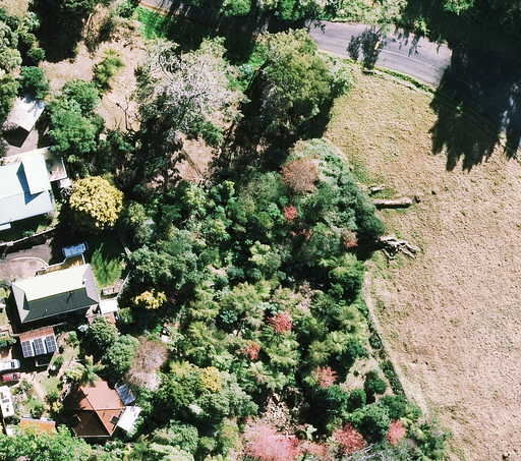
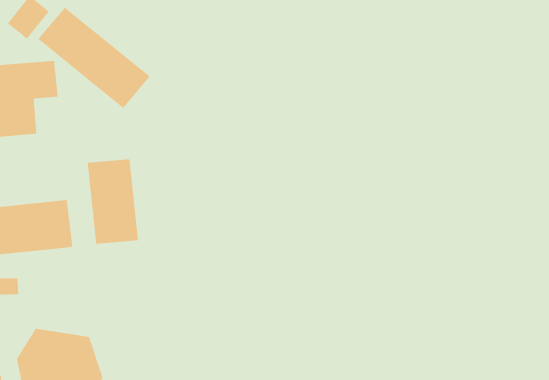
building: none -> [37,7,150,109]
building: none -> [87,158,138,245]

